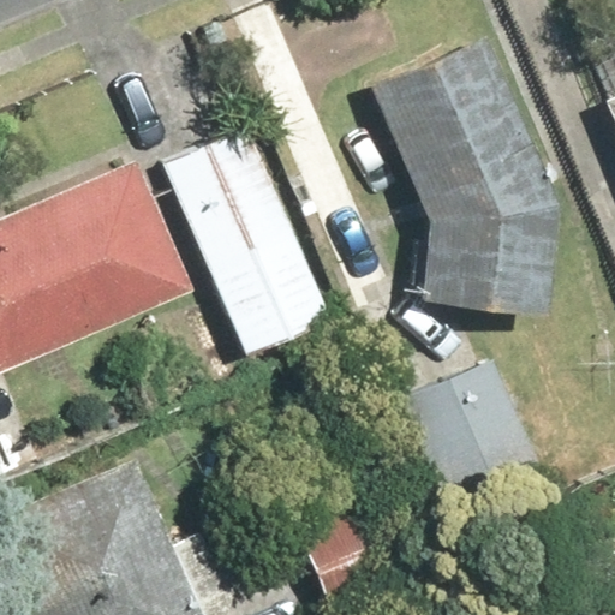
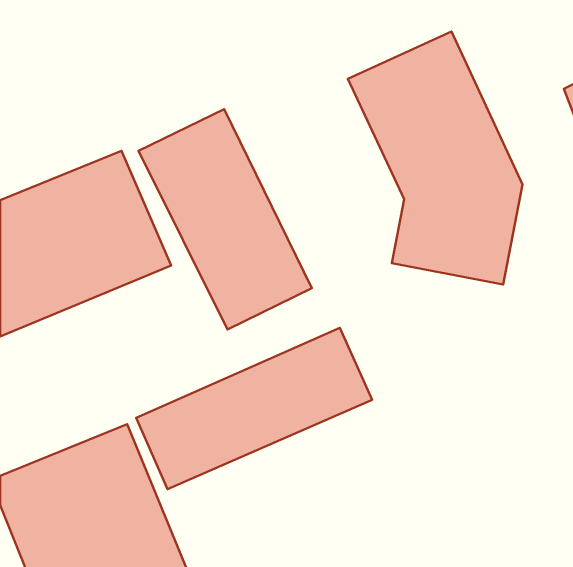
building: none -> [136,328,372,489]
building: [395,360,536,501] -> none

